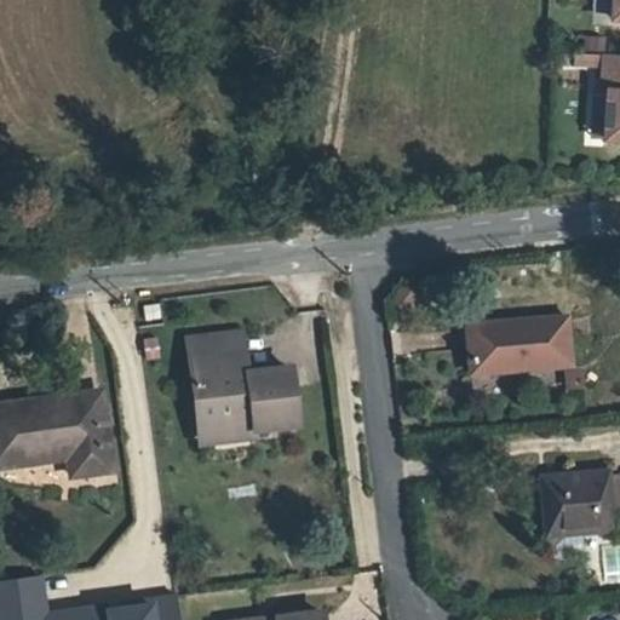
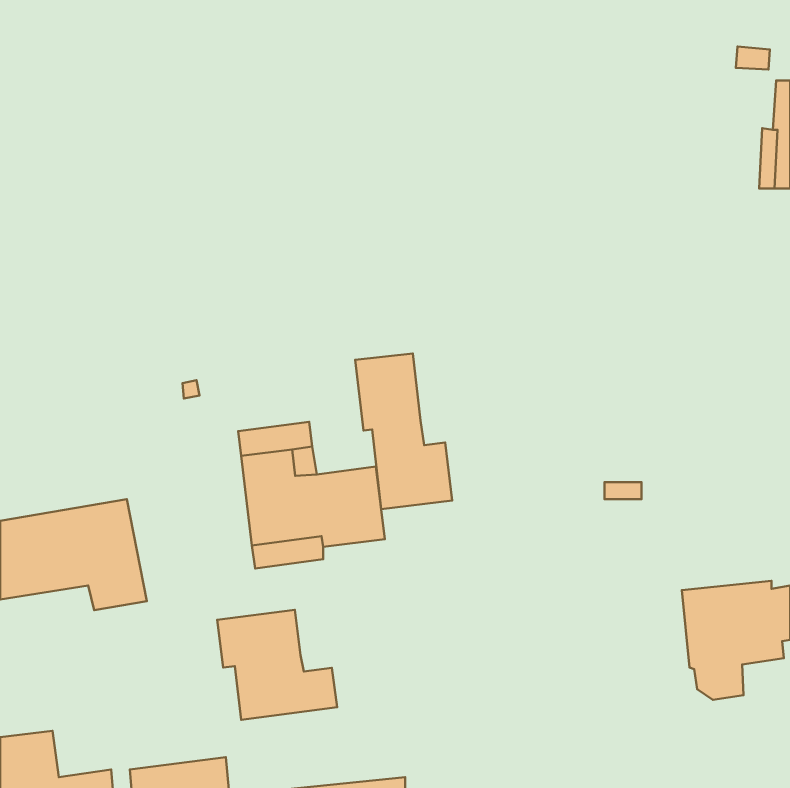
building: none -> [355,353,452,509]
building: [470,314,574,374] -> none
building: none -> [217,610,337,720]

